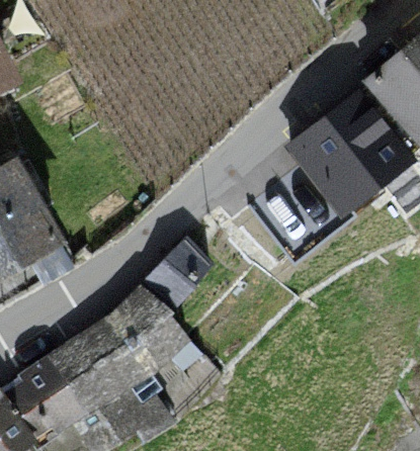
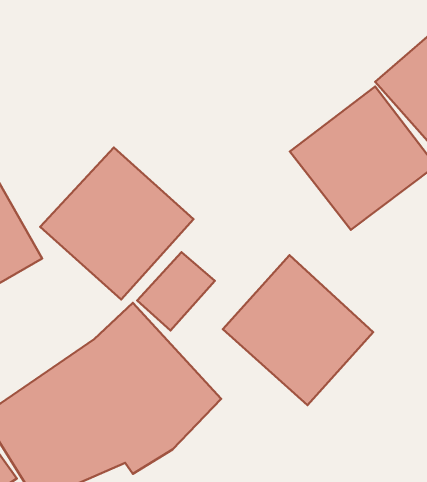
building: none -> [40,148,193,299]
building: none -> [223,255,373,405]

